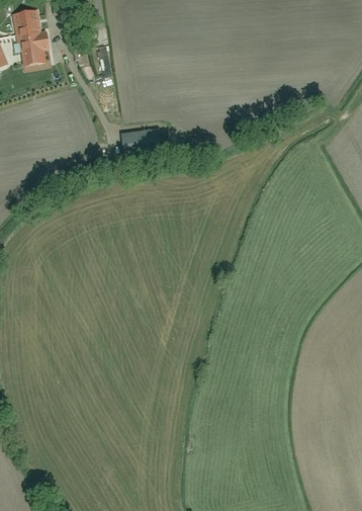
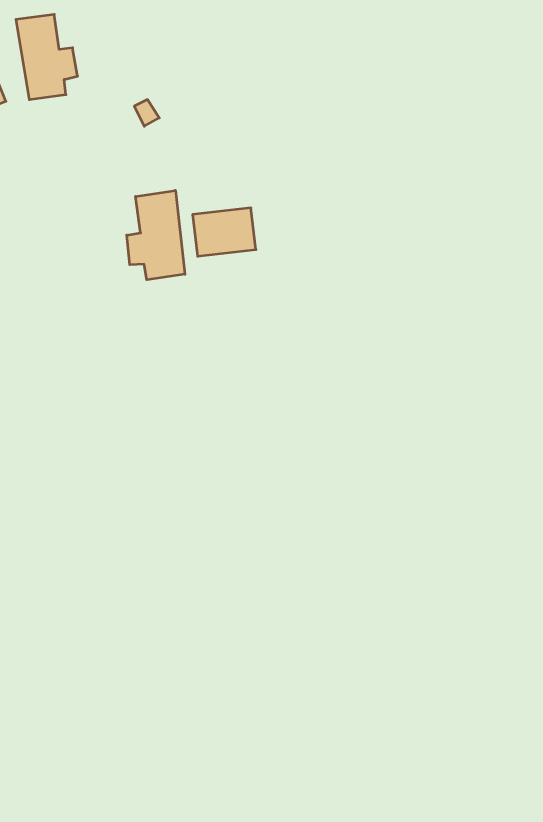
building: none -> [127,190,185,280]

